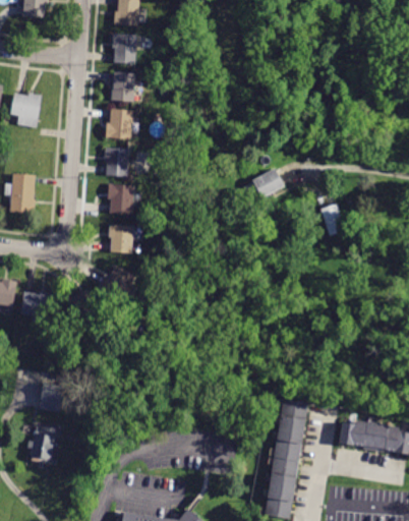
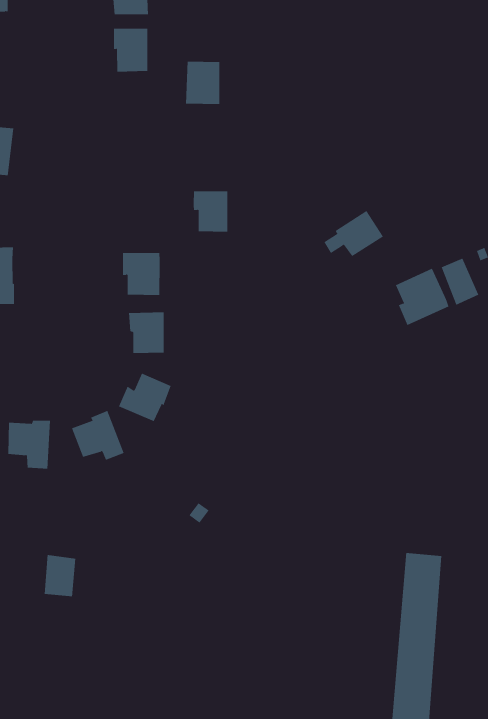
building: [110,72,135,103] -> [185,61,220,104]
building: [105,109,132,139] -> none
building: [104,148,128,177] -> [193,191,228,232]
building: none -> [395,268,449,326]
building: [27,426,56,460] -> none

